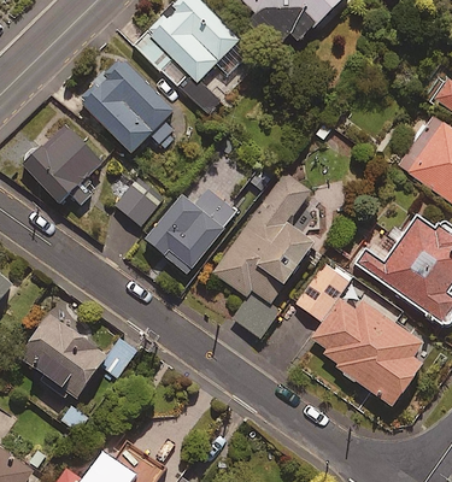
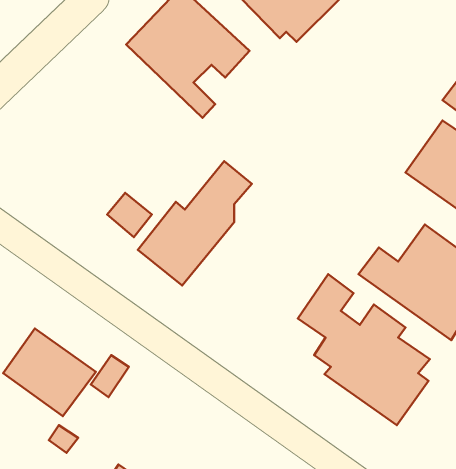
building: [78,57,176,152] -> none
building: [24,125,101,205] -> none
building: [213,172,312,337] -> none

